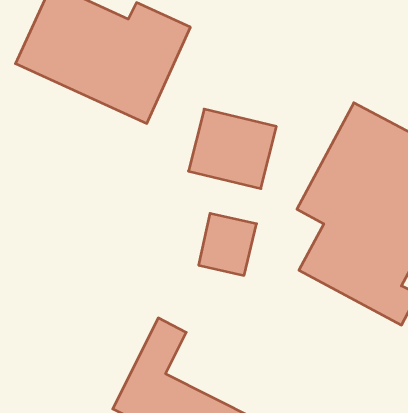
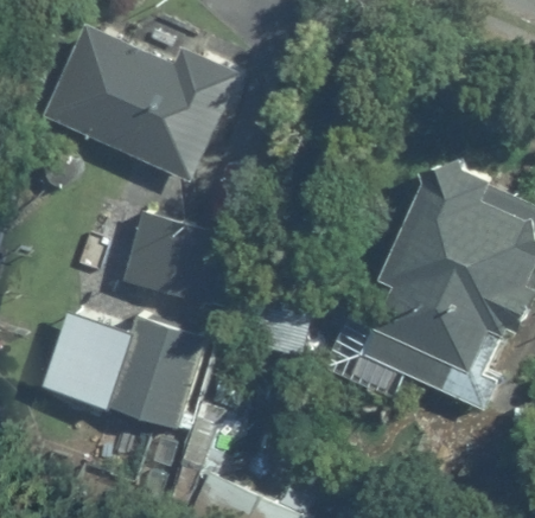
building: [188,109,276,189] -> [123,213,224,305]
building: none -> [42,308,206,433]

